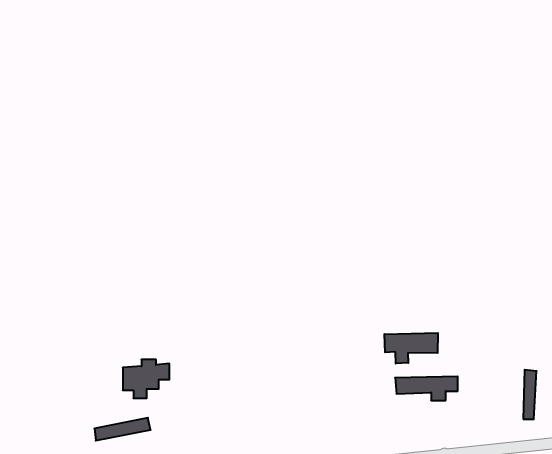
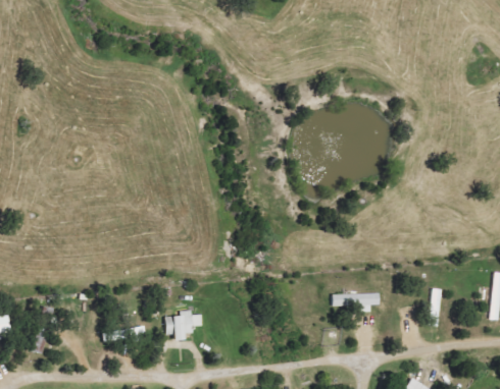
building: [384,333,438,364] -> none
building: [123,360,169,398] -> [165,311,201,340]

